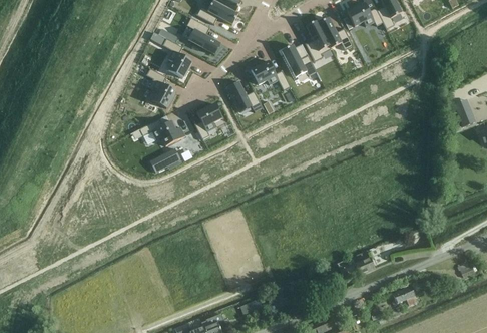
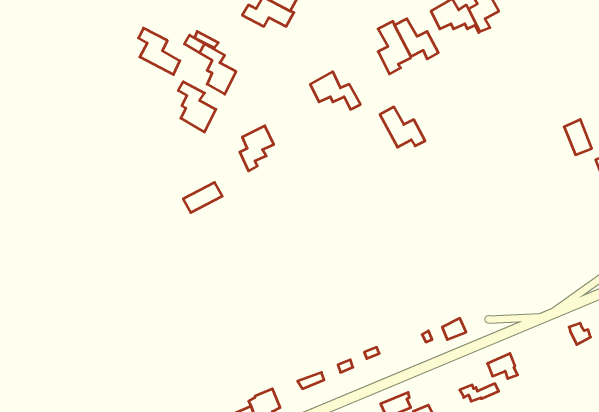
building: [186,17,219,54] -> [138,28,180,75]
building: [281,45,317,77] -> [380,107,425,147]
building: [227,81,263,112] -> none
building: [139,118,184,145] -> none

